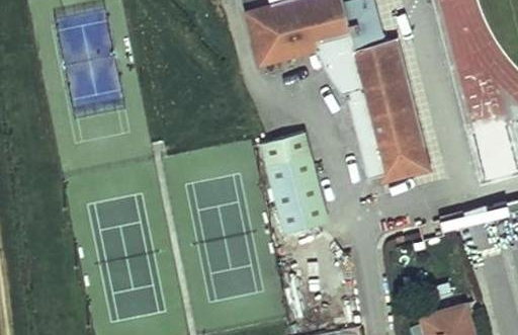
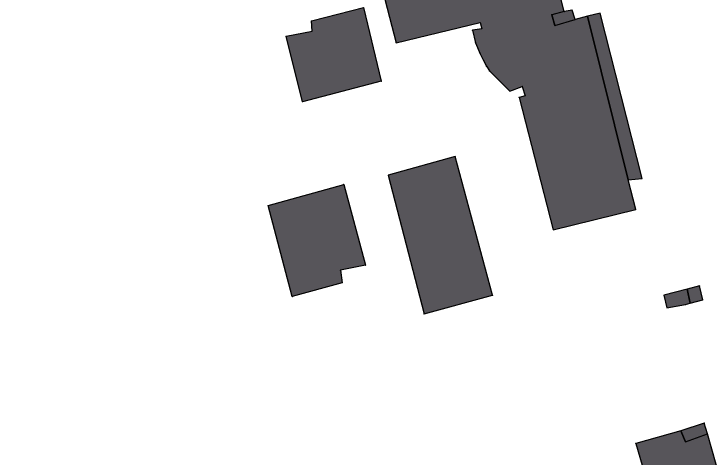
building: none -> [286,8,381,102]
building: none -> [268,184,365,297]

